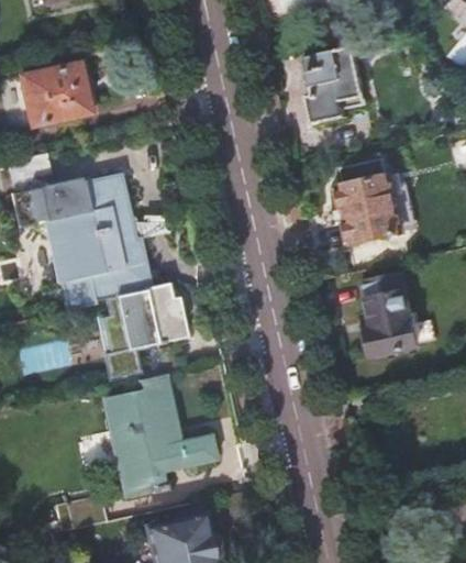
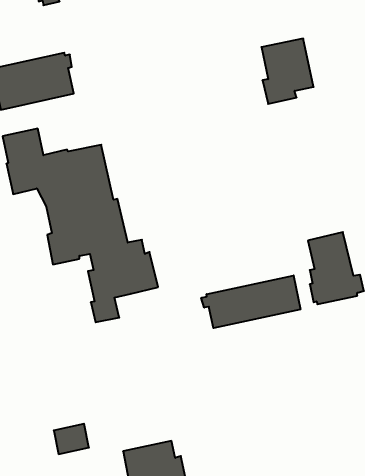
building: [337,174,404,243] -> none
building: none -> [201,275,300,328]
building: [103,374,217,497] -> none

